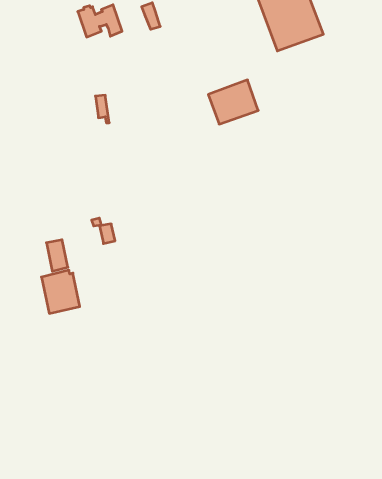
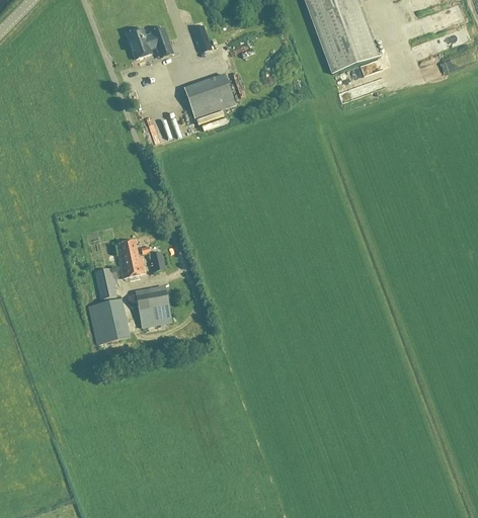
building: [208,80,258,124] -> [183,73,235,118]
building: none -> [117,239,145,277]
building: none -> [135,285,172,327]

